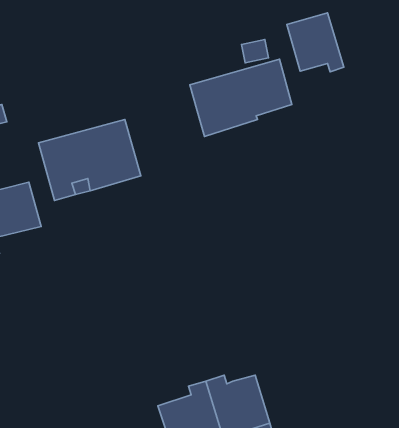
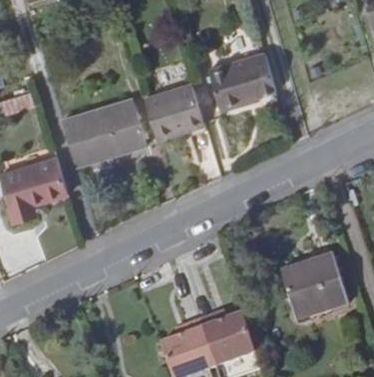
building: [287,13,344,72] -> none
building: none -> [142,98,206,154]
building: none -> [281,255,344,312]

